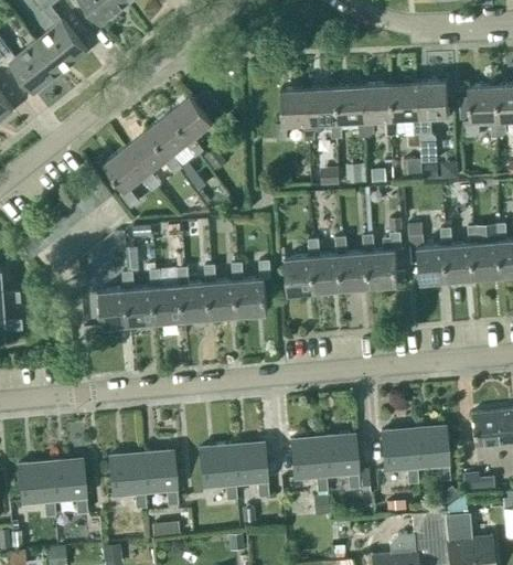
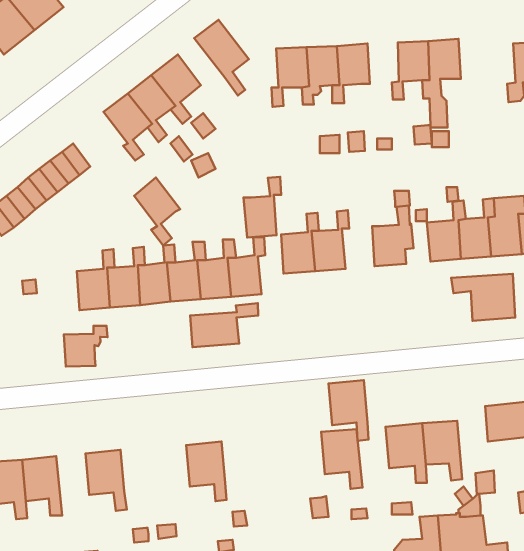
building: none -> [194,20,249,95]
building: [359,84,393,138] -> none
building: [464,85,499,139] -> none
building: [105,147,147,209] -> [134,177,180,246]
building: [341,234,375,289] -> [244,177,281,238]
building: none -> [451,274,515,321]
building: none -> [190,303,258,347]
building: none -> [64,326,108,367]
building: [290,437,327,492] -> [328,380,369,441]
building: [232,443,268,497] -> none
building: [140,451,178,505] -> none

